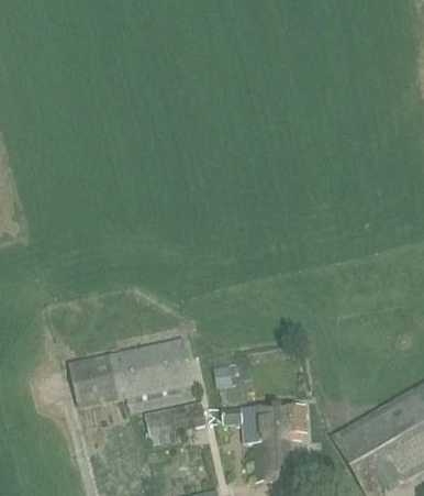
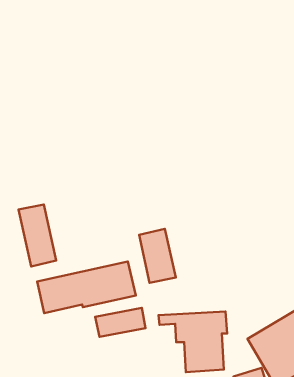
building: none -> [19,205,56,267]
building: none -> [139,229,176,283]

